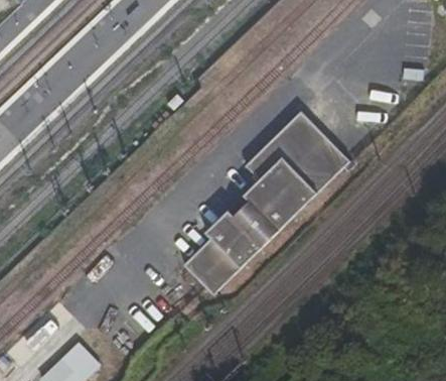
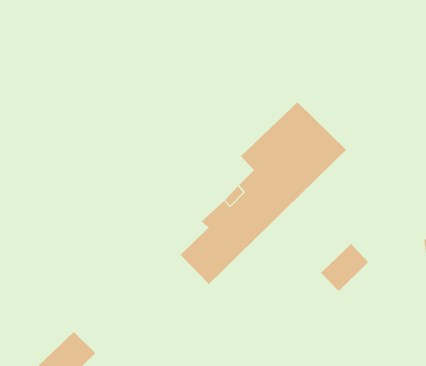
building: none -> [320,243,369,292]

